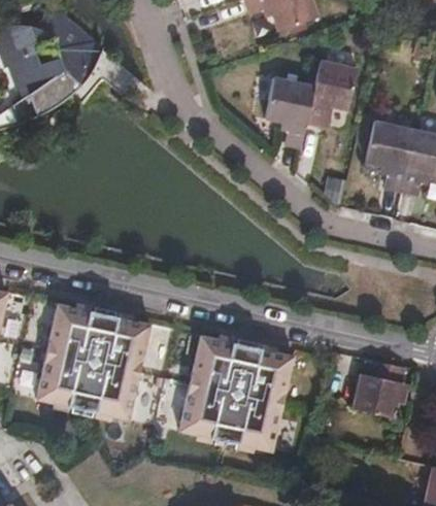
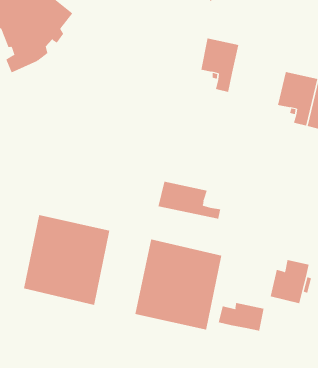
building: [306,60,356,125] -> none
building: none -> [158,181,221,220]
building: none -> [218,302,264,331]

